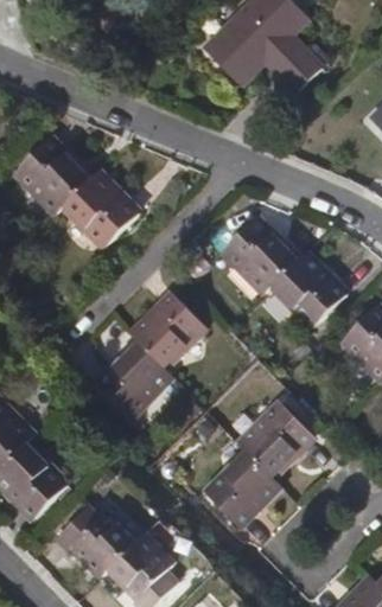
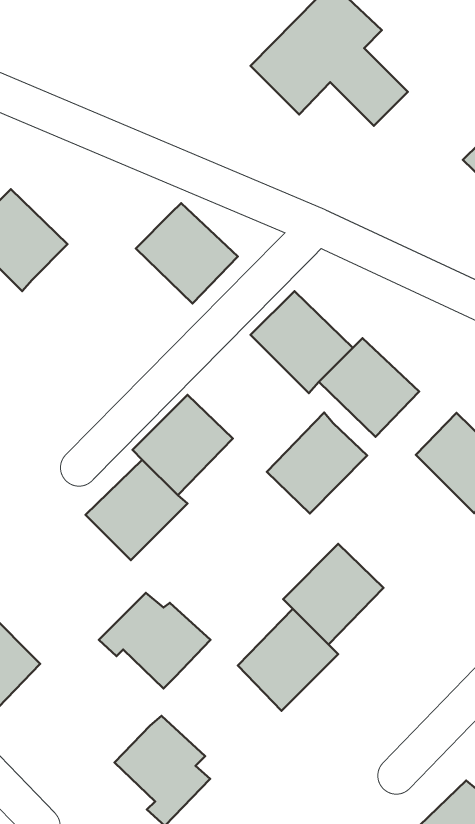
building: [56,174,130,248] -> [136,203,238,303]
building: none -> [267,413,367,513]
building: [61,499,142,569] -> [99,593,210,689]

